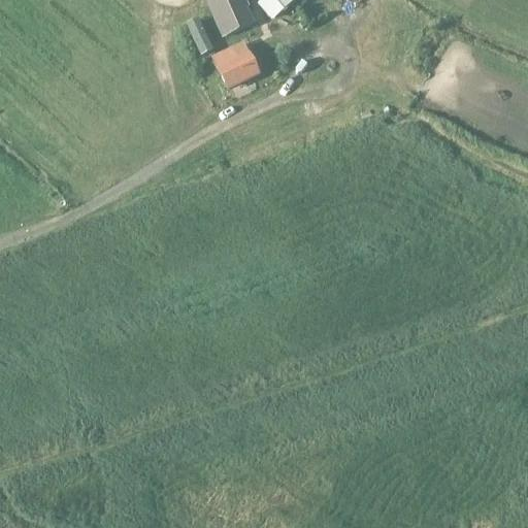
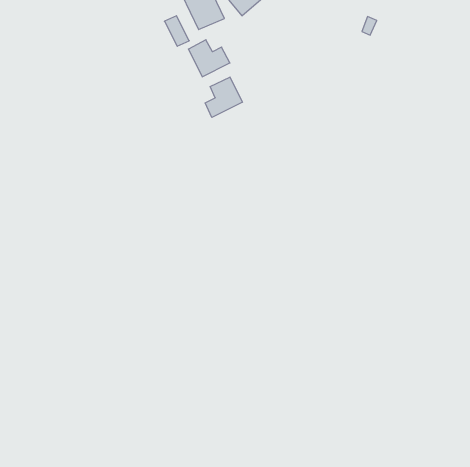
building: none -> [205,77,242,117]

